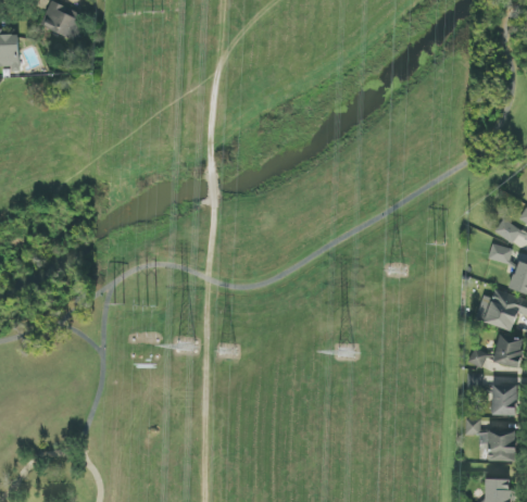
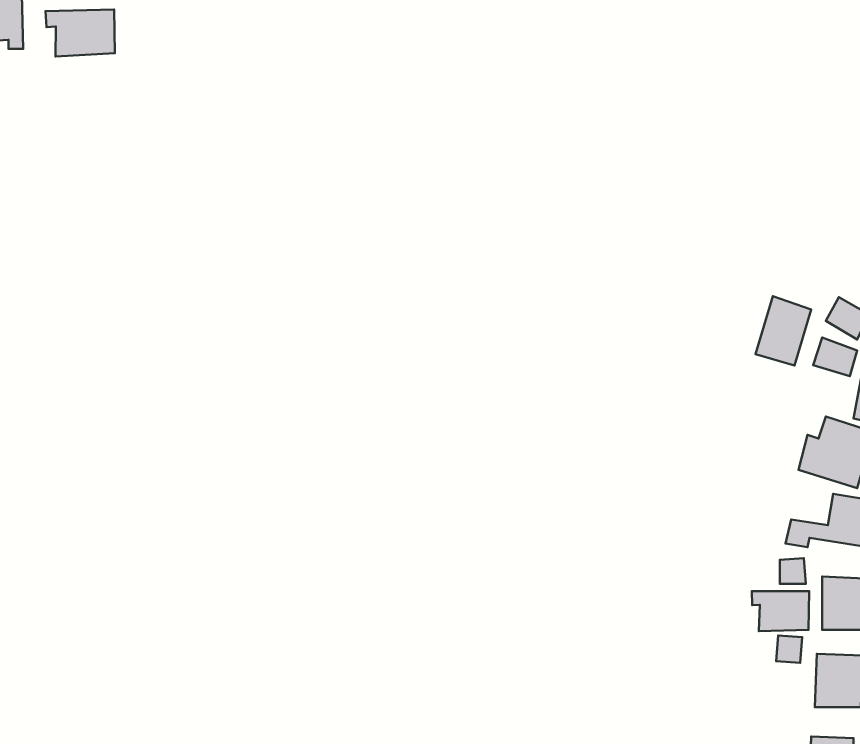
building: none -> [46,9,115,56]
building: none -> [756,296,811,365]
building: none -> [752,591,809,631]

